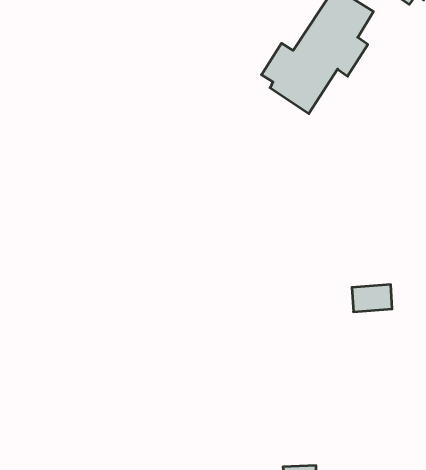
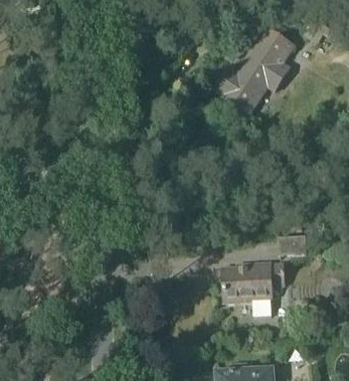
building: none -> [224,261,286,315]

